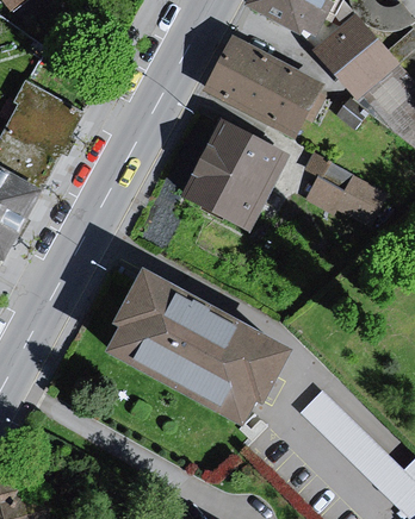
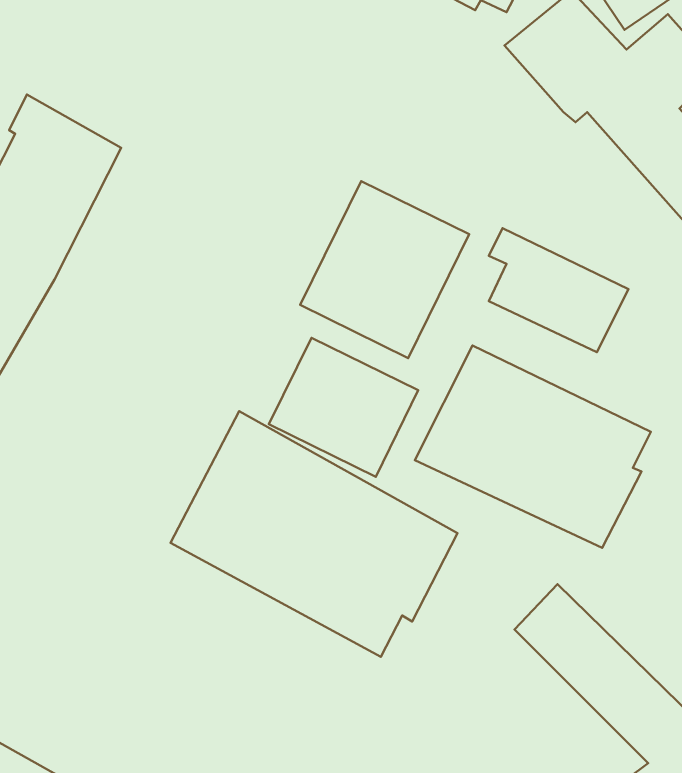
building: [200,43,322,145] -> none
building: none -> [269,338,418,477]
building: none -> [415,346,651,548]

